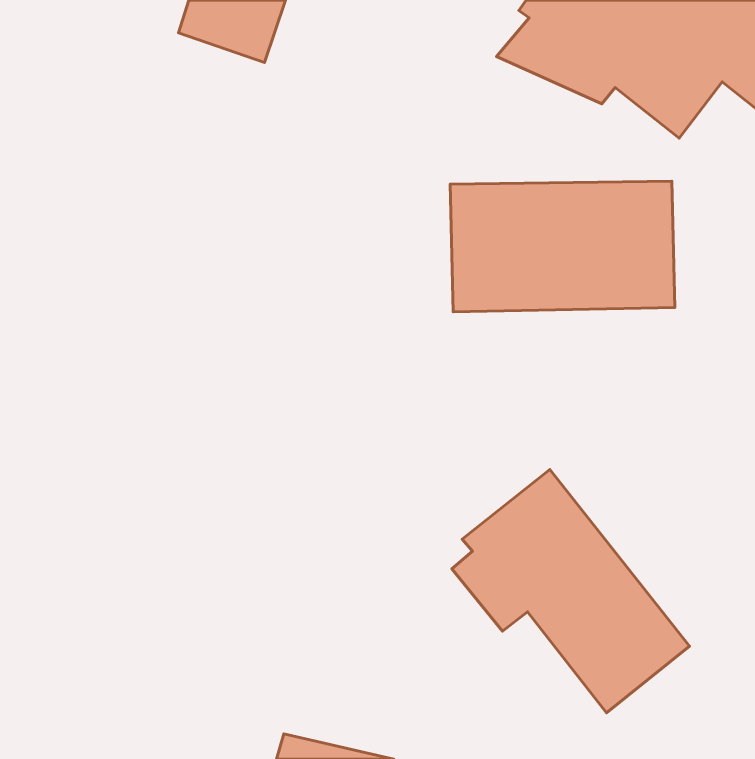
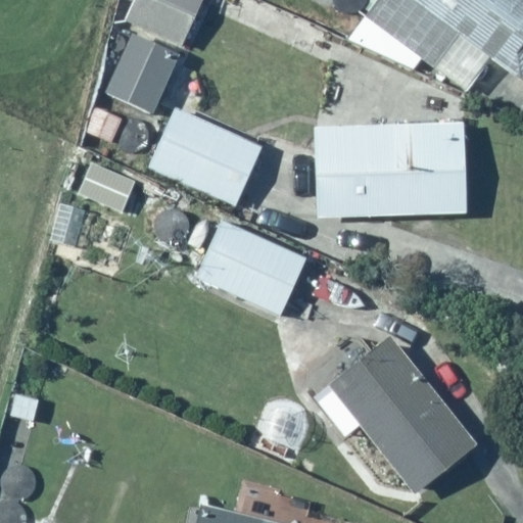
building: none -> [105,35,182,113]
building: none -> [148,107,267,207]
building: none -> [170,216,310,317]

